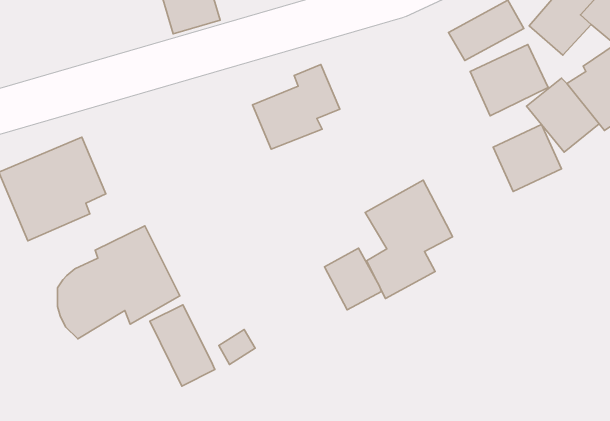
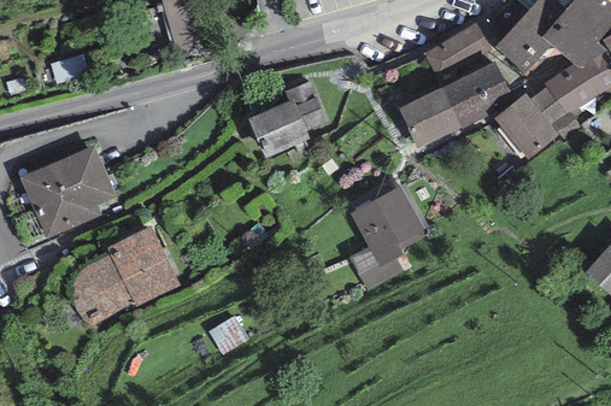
building: [493,124,562,192] -> [399,87,460,147]
building: [325,248,381,310] -> none
building: [150,305,215,386] -> none

